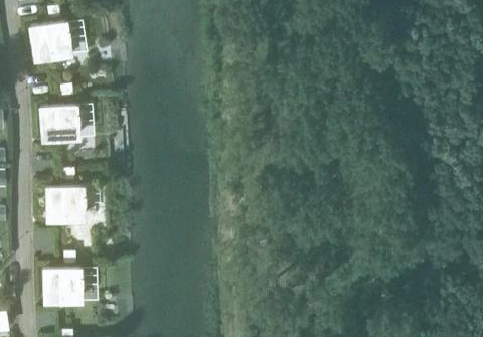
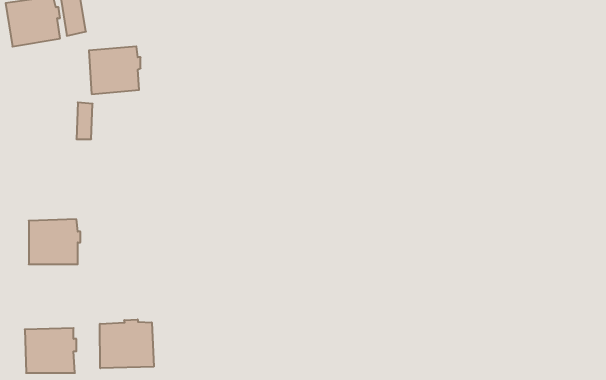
building: [40,107,78,142] -> [89,46,141,94]
building: none -> [100,319,154,368]

